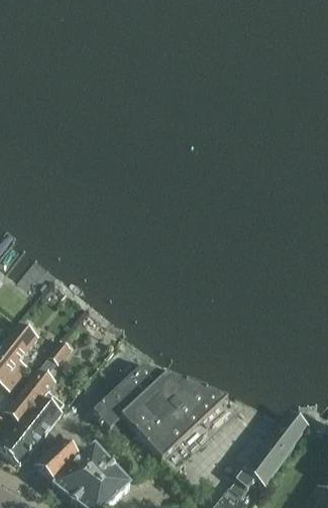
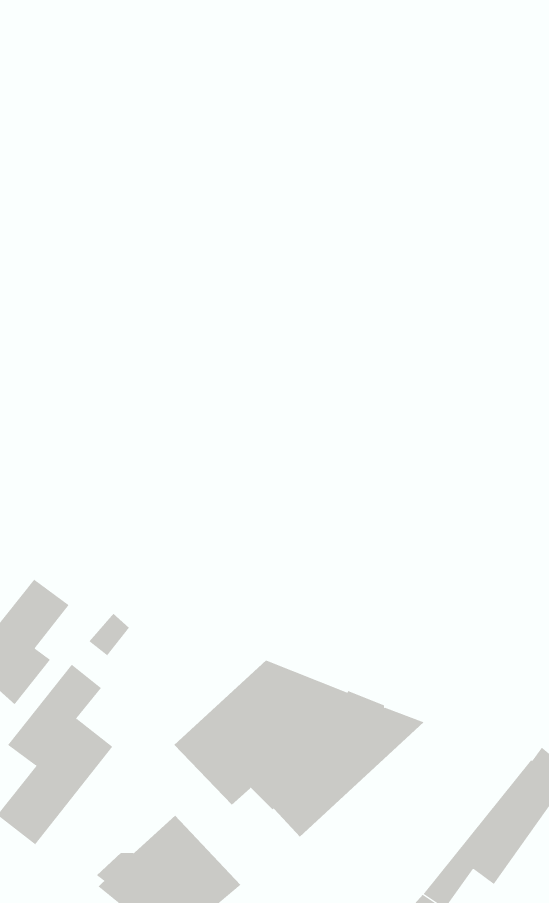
building: [35,439,79,479] -> none

